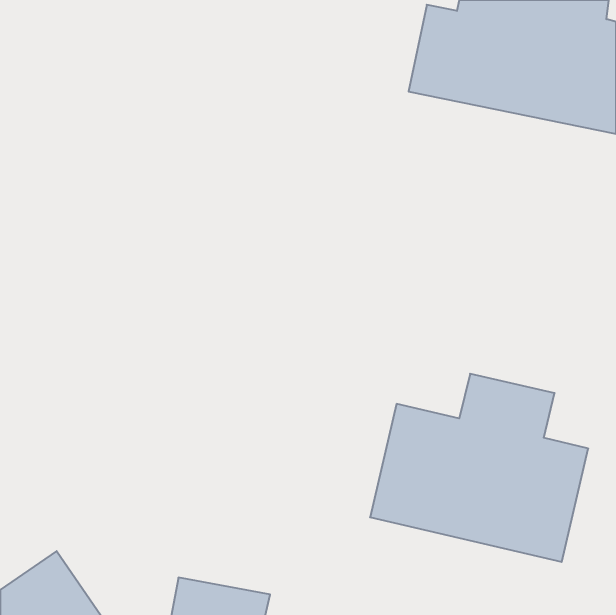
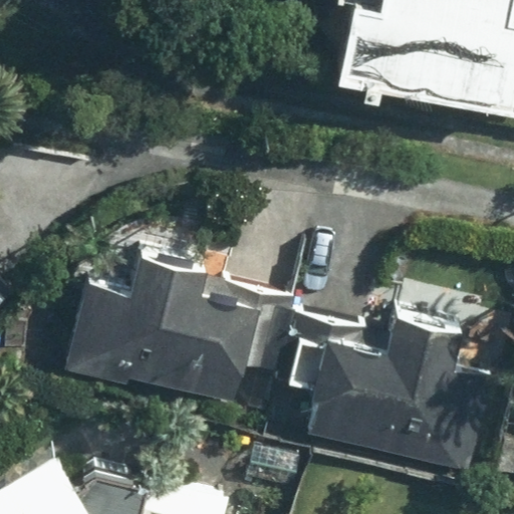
building: none -> [75,256,248,401]

